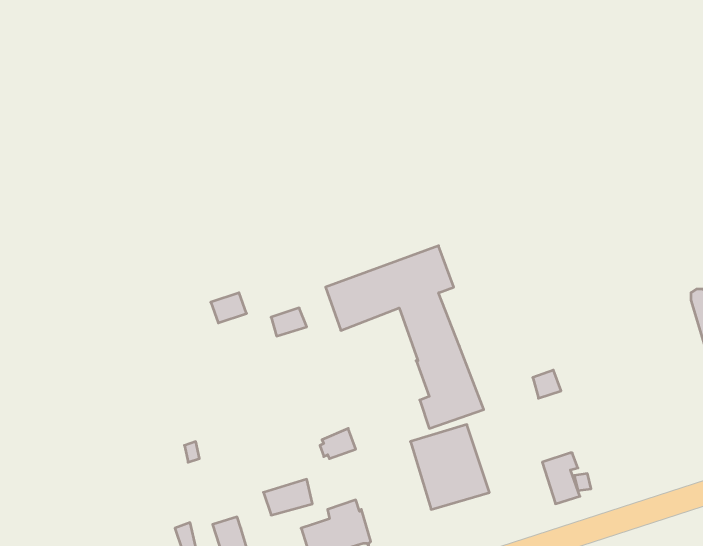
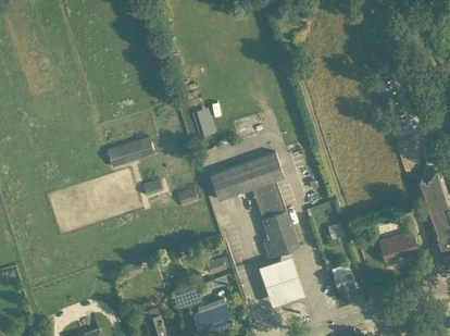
building: none -> [193,107,214,136]
building: none -> [108,137,155,167]
building: none -> [379,231,418,263]

